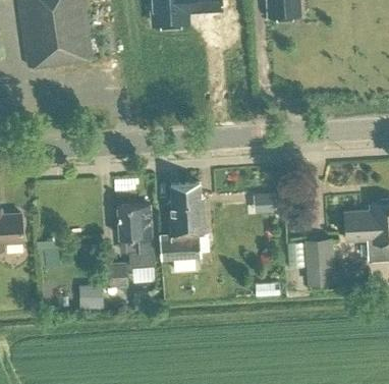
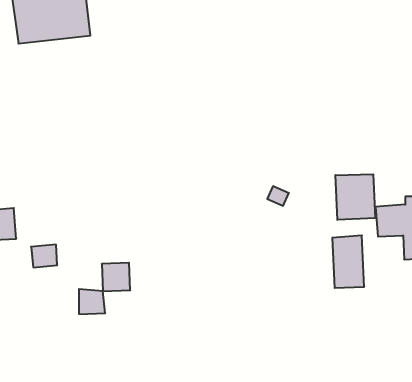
building: [161,182,207,258] -> none
building: none -> [335,174,375,220]
building: [119,206,154,267] -> none

